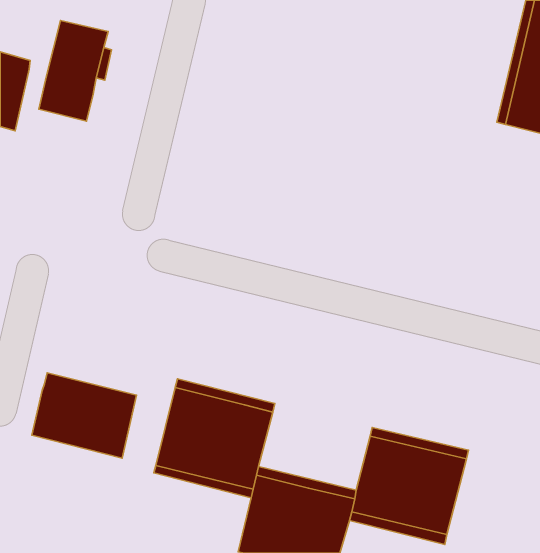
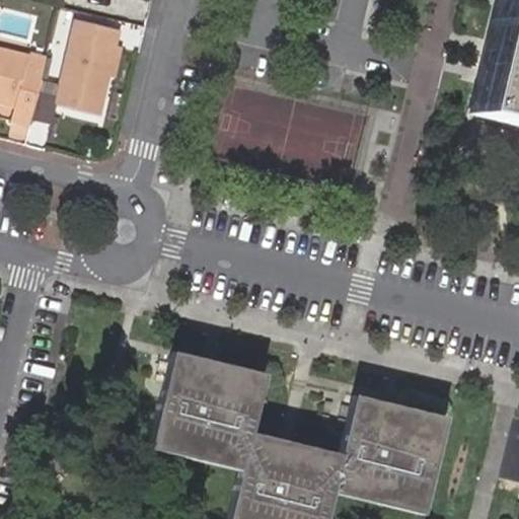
building: [32,373,136,458] -> none

